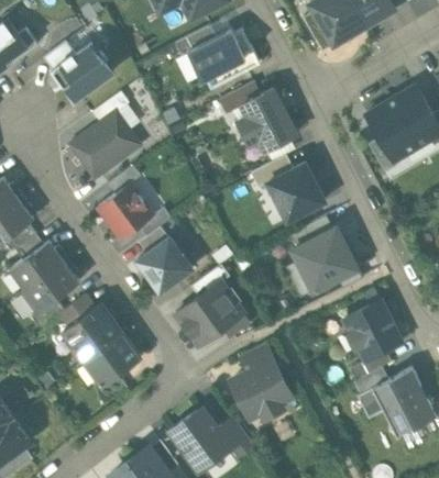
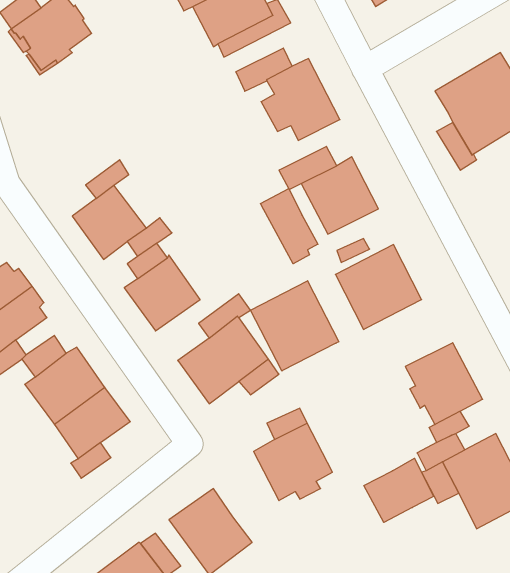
building: [72,112,138,176] -> none
building: none -> [260,189,318,264]
building: none -> [251,281,339,371]
building: none -> [364,458,434,522]
building: [217,416,255,459] -> none

